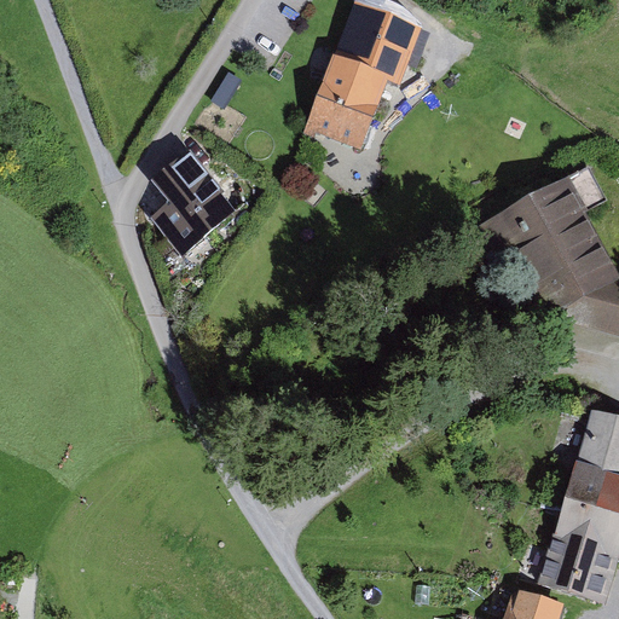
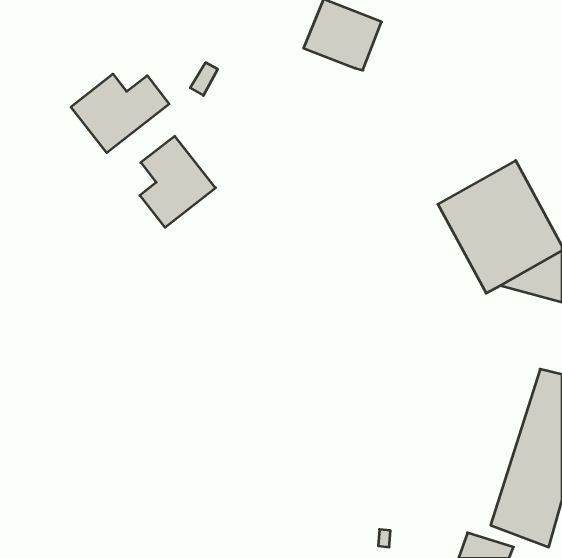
building: [308,53,391,146] -> none
building: none -> [71,74,169,153]

